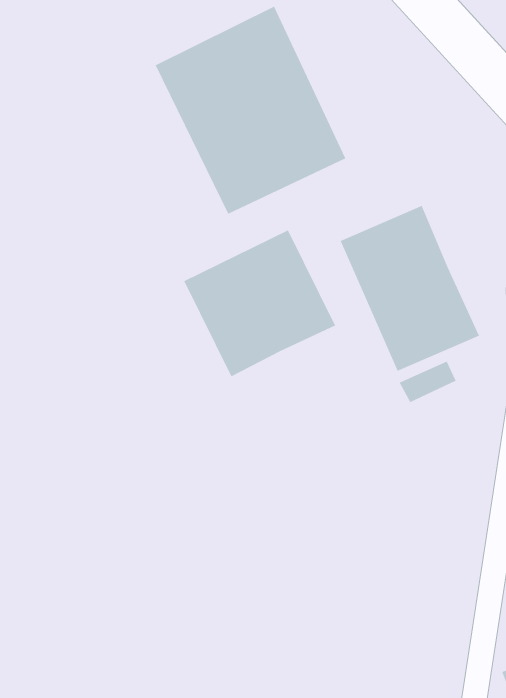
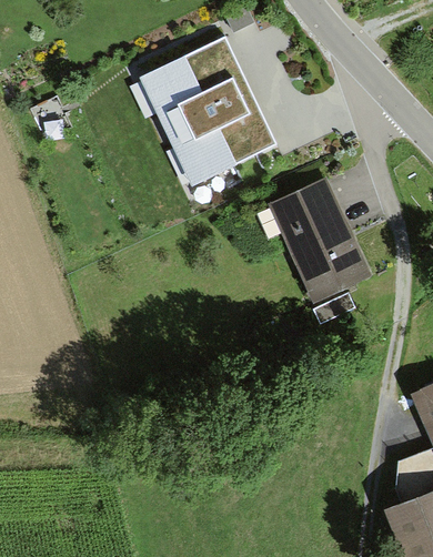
building: [184,230,336,377] -> none

